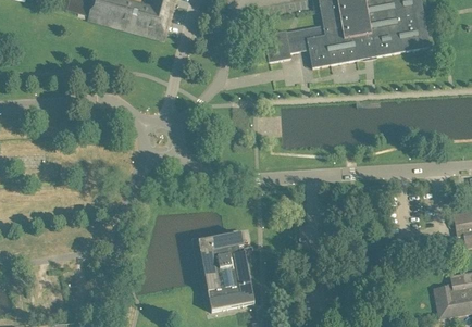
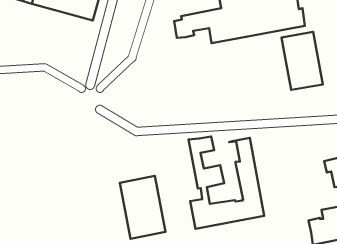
building: none -> [281,32,323,90]
building: none -> [188,137,264,229]

